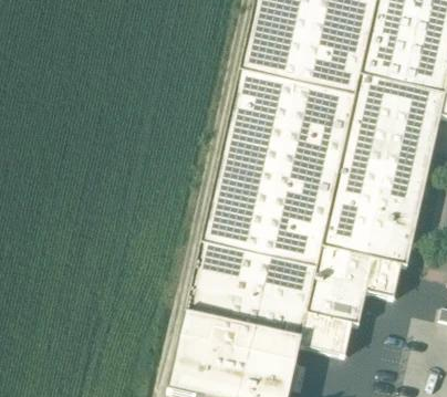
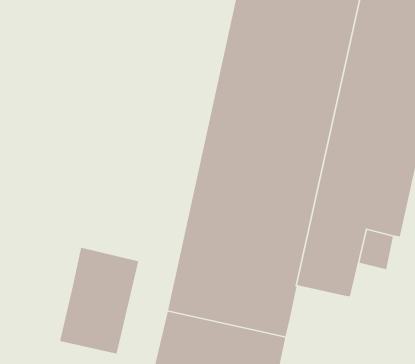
building: none -> [59,247,139,355]
building: [300,317,352,359] -> none

